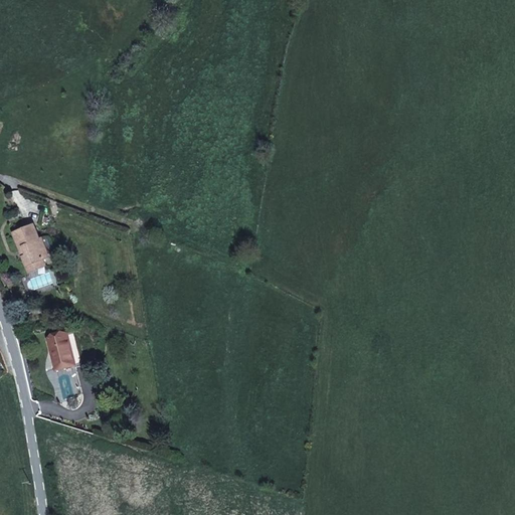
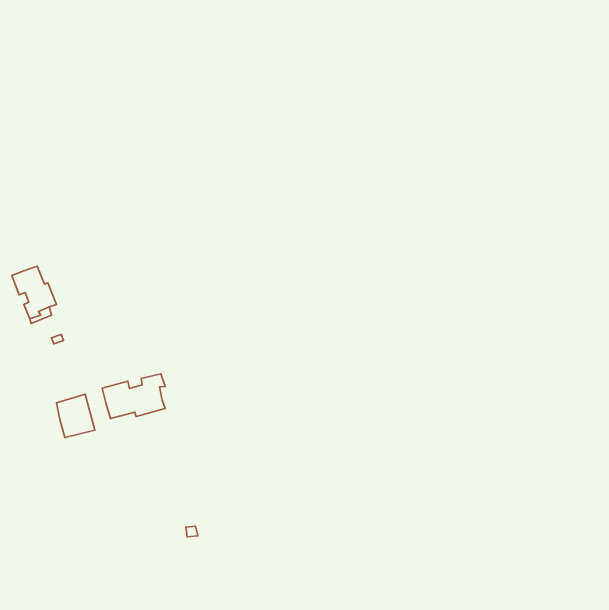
building: none -> [102,374,165,418]

